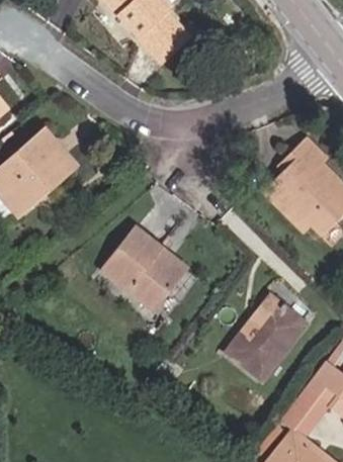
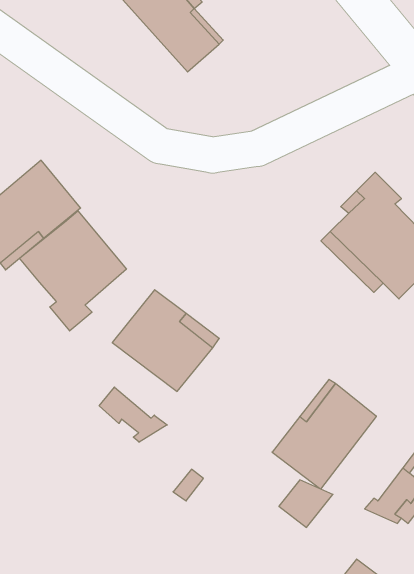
building: none -> [20,211,126,331]
building: none -> [99,387,167,442]
building: [279,396,321,433] -> [279,480,333,527]

